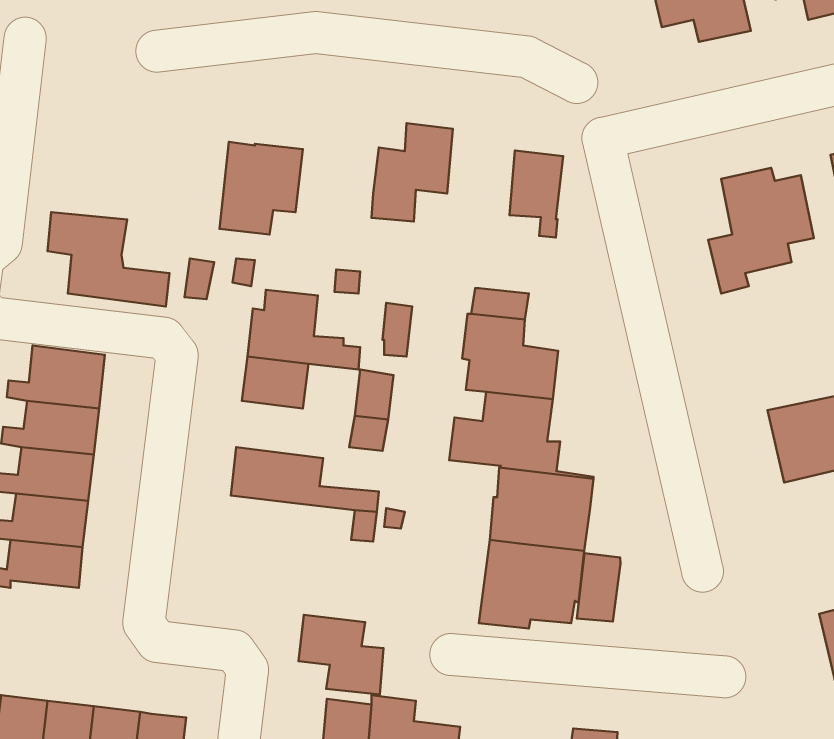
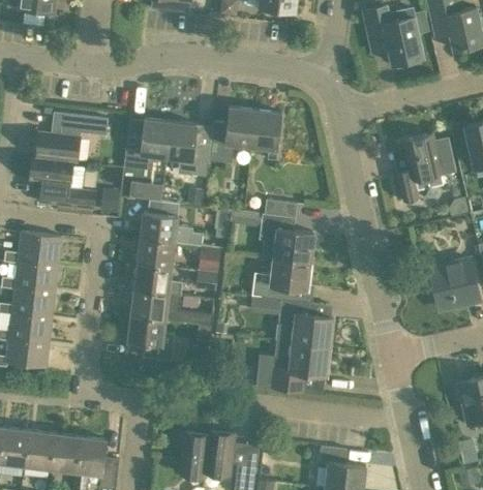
building: none -> [30,113,109,163]
building: none -> [167,123,210,177]
building: [509,151,563,238] -> [251,112,281,160]
building: none -> [133,264,183,296]
building: [577,553,620,621] -> none
building: [298,615,384,694] -> [127,316,175,361]

